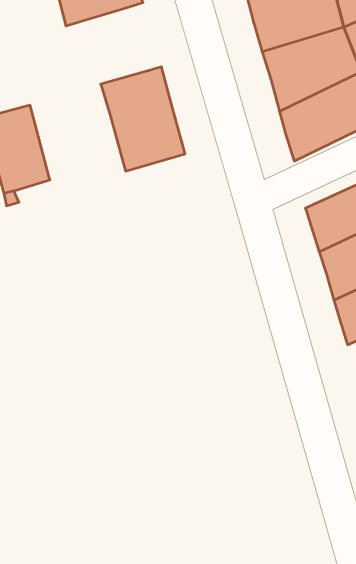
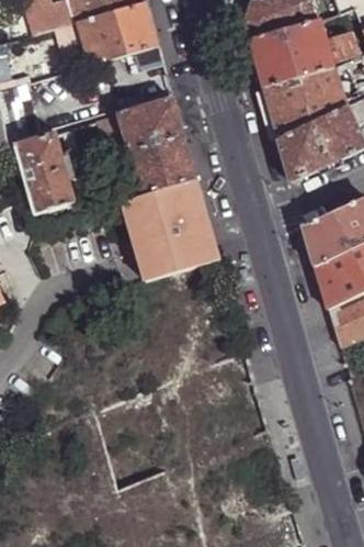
building: none -> [120,177,217,279]

